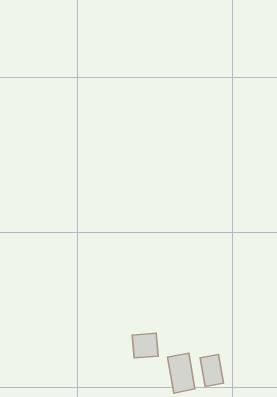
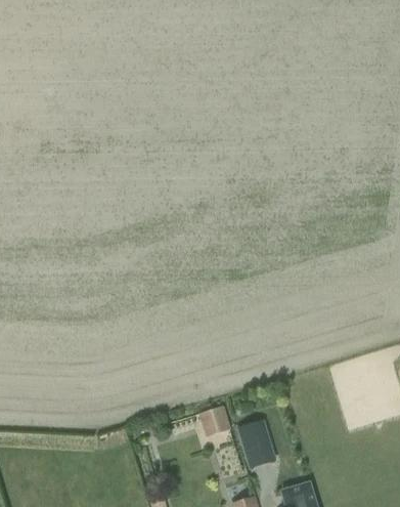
building: [200,355,223,386] -> none

